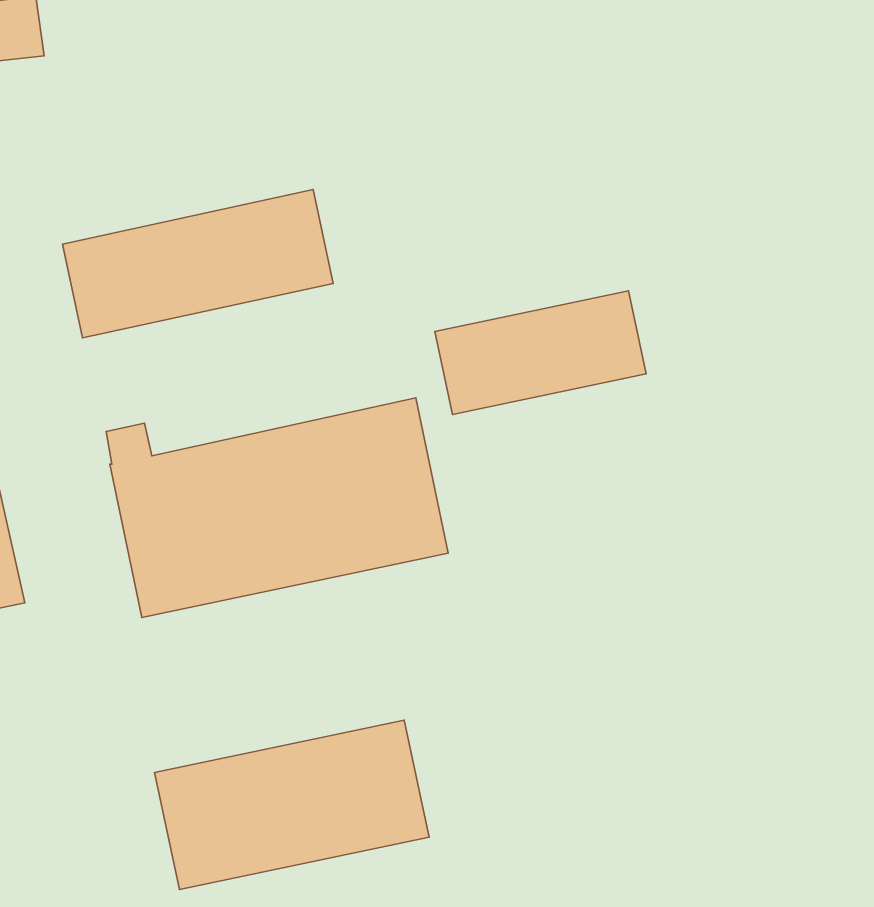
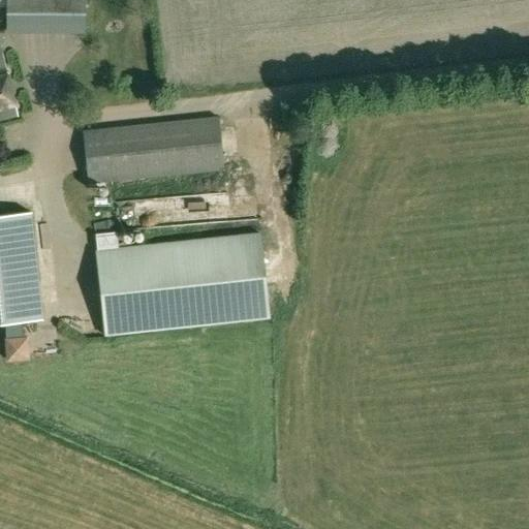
building: [435,291,646,415] -> none
building: [154,720,429,890] -> none

